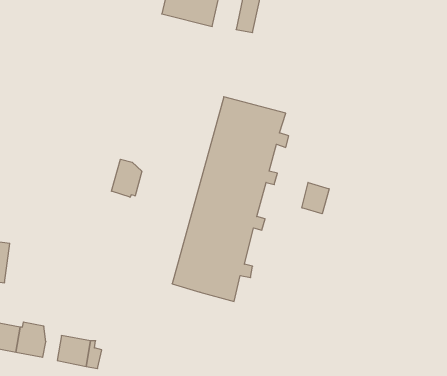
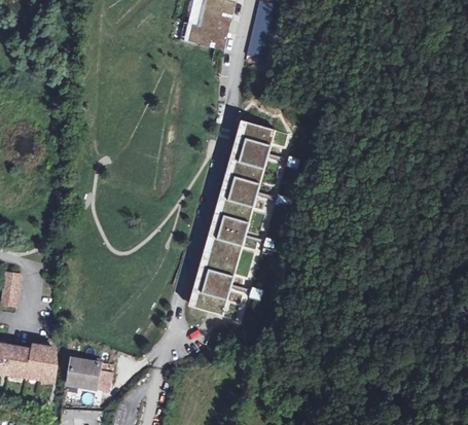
building: [111,159,142,197] -> none
building: [302,182,329,214] -> none

